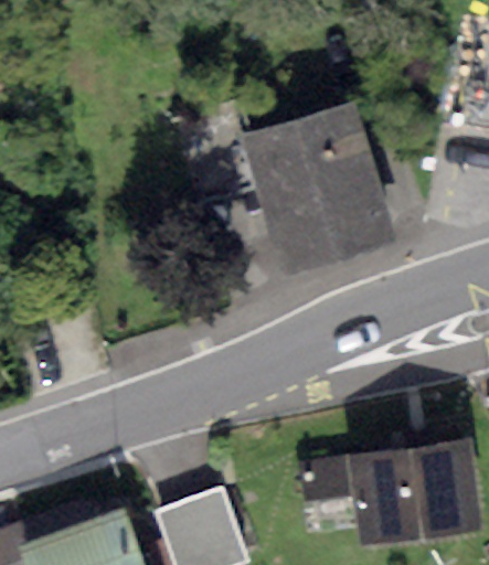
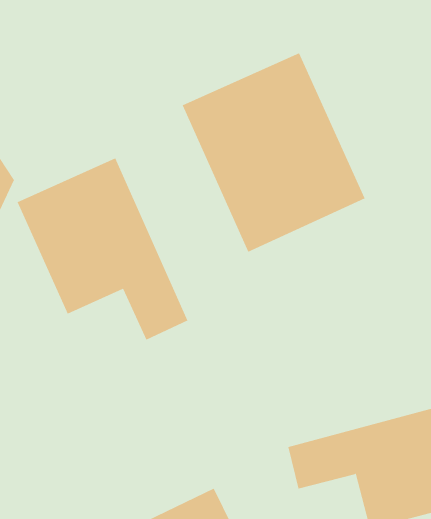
building: none -> [17,157,188,340]

